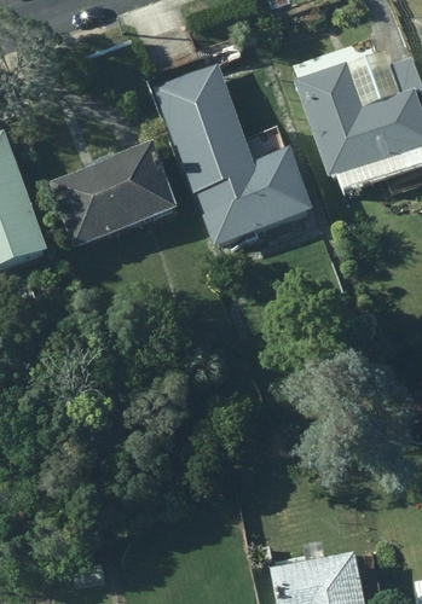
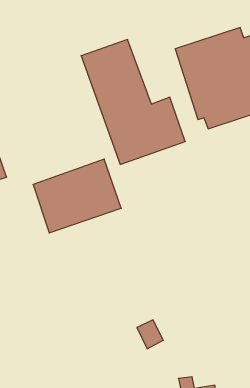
building: [47,140,173,245] -> [33,159,121,233]

